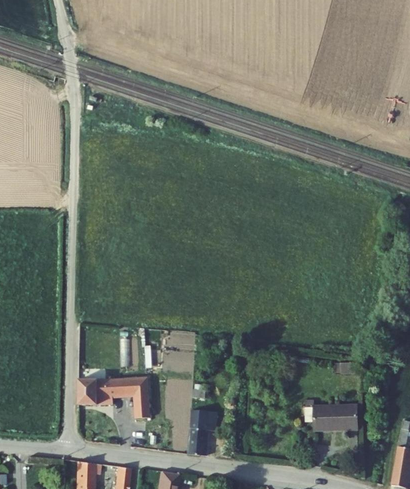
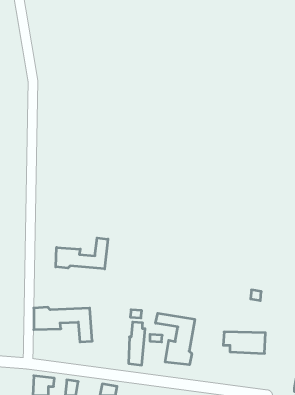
building: none -> [56,238,108,269]
building: none -> [156,313,195,365]

